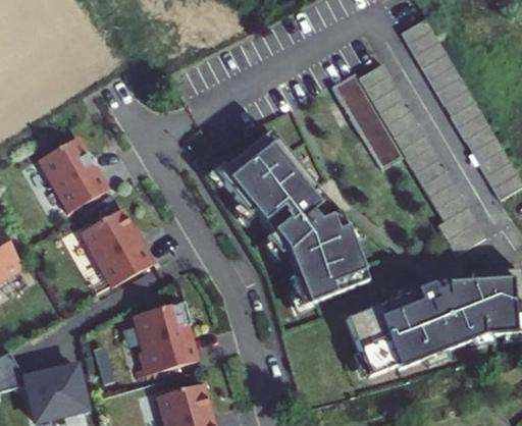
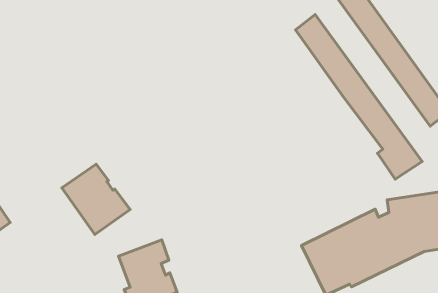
building: [331,71,405,168] -> none
building: [215,129,369,307] -> none
building: [38,139,110,213] -> none

